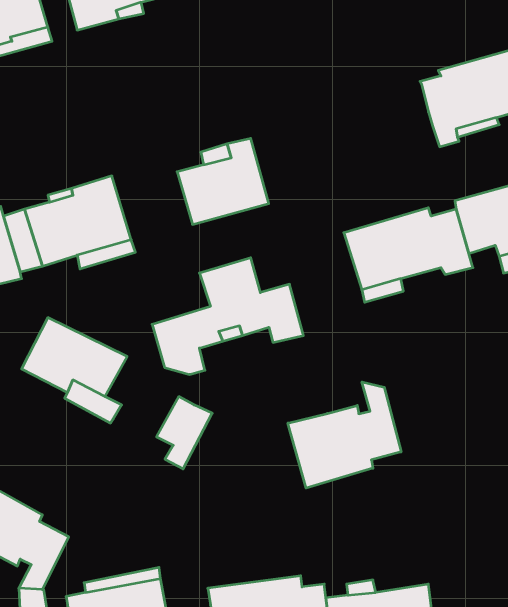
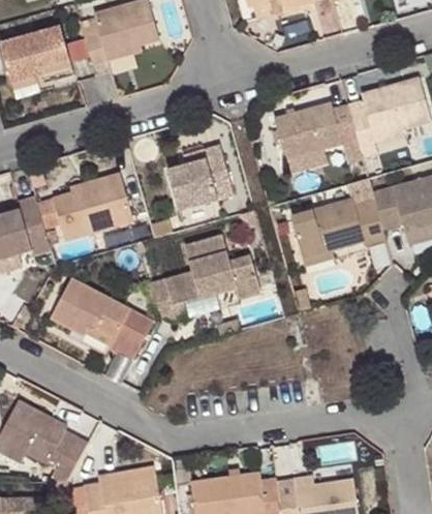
building: none -> [274,103,357,159]
building: [288,382,401,488] -> none
building: [157,397,212,469] -> [113,307,154,361]

